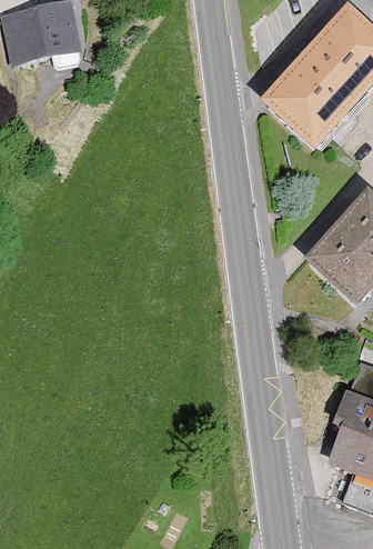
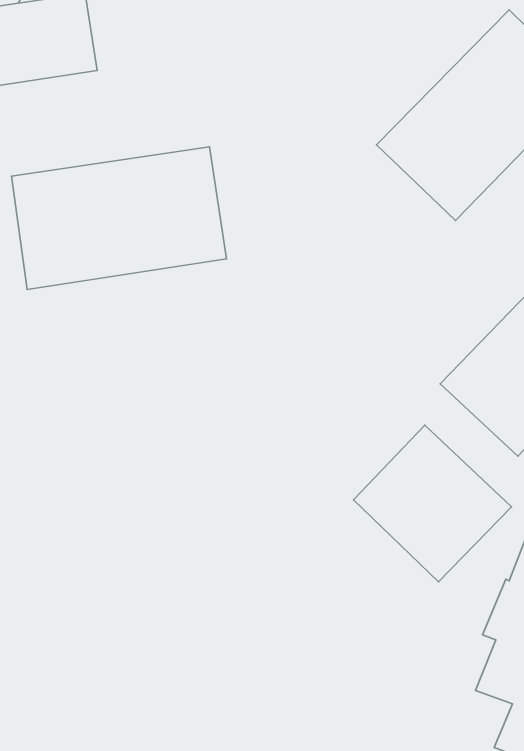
building: none -> [11,147,226,290]
building: none -> [353,425,512,582]

